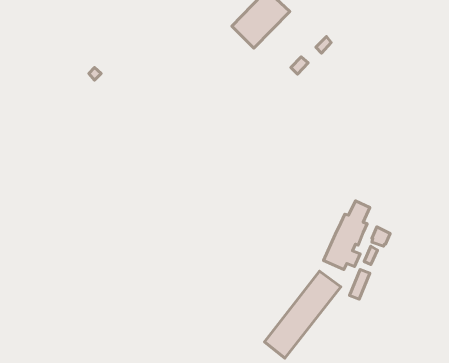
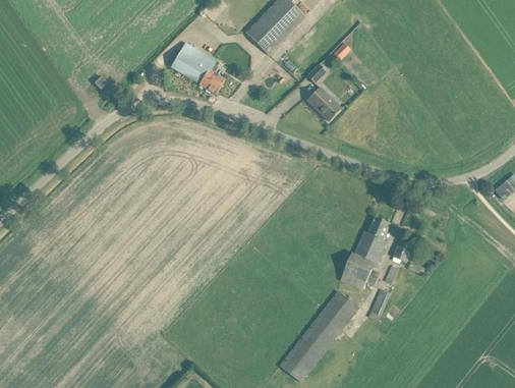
building: none -> [169,41,224,94]
building: none -> [306,87,340,120]

